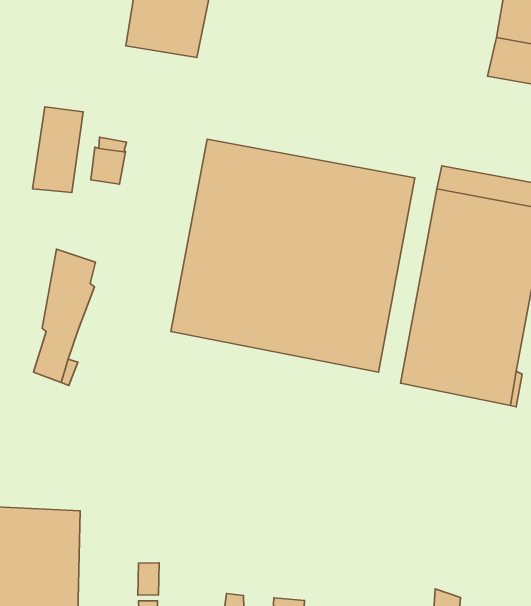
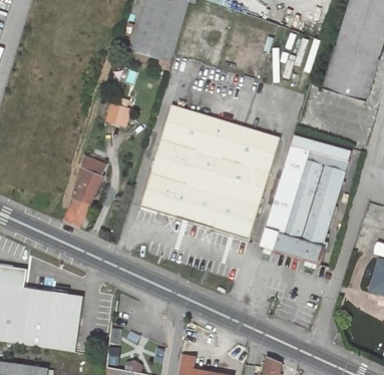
building: [32,107,83,192] -> none

